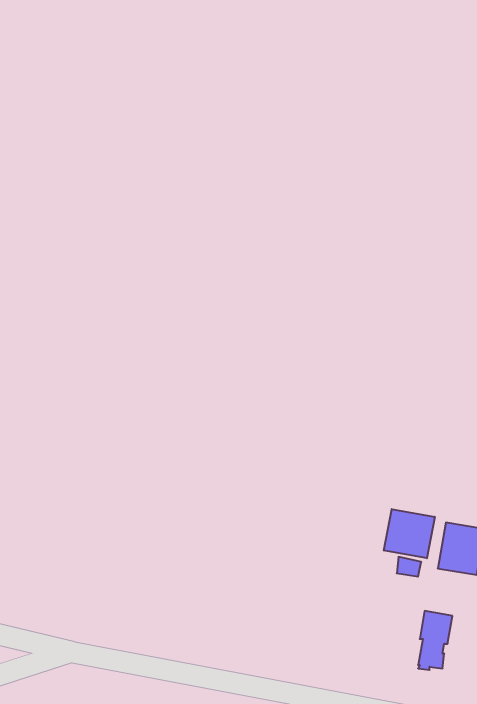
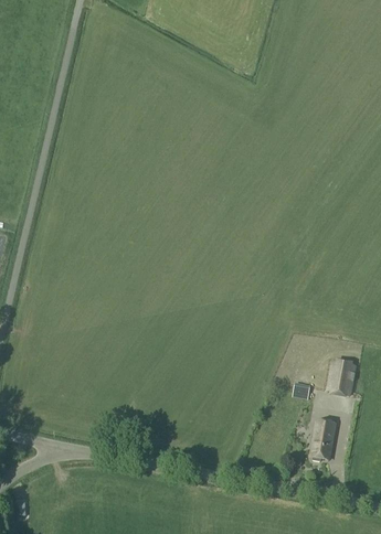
building: [384,509,435,558] -> none

